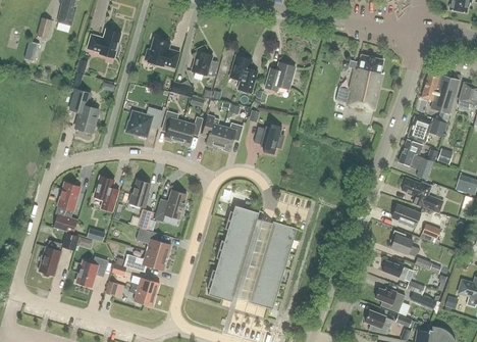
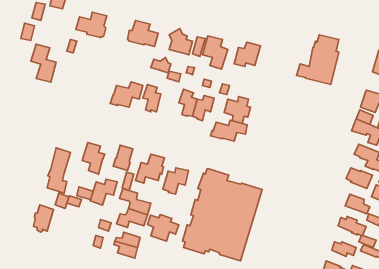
building: [69,89,98,132] -> [31,44,56,82]
building: [177,116,203,146] -> none
building: none -> [211,120,247,141]
building: none -> [163,168,188,194]
building: none -> [147,215,179,241]
building: [76,257,107,287] -> [90,179,117,205]

